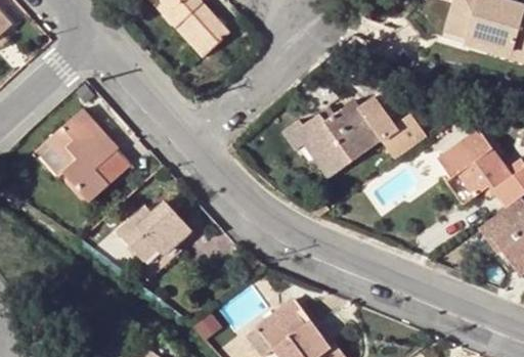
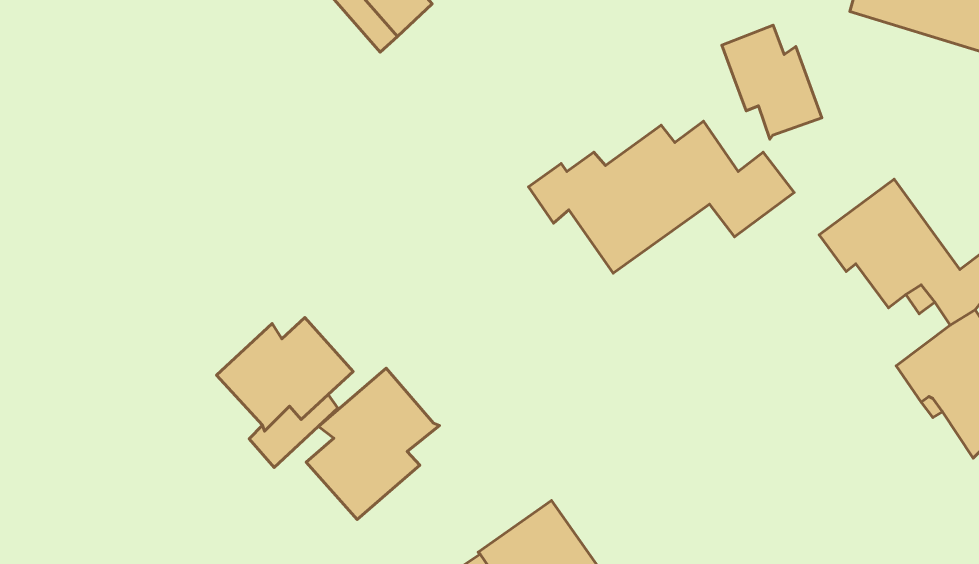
building: none -> [722,25,822,139]
building: [40,108,131,200] -> none
building: none -> [306,368,439,519]

